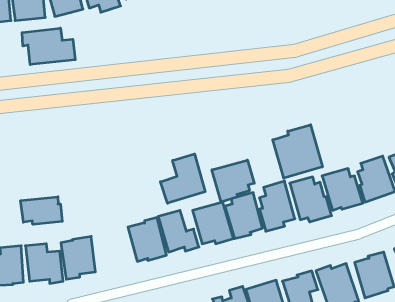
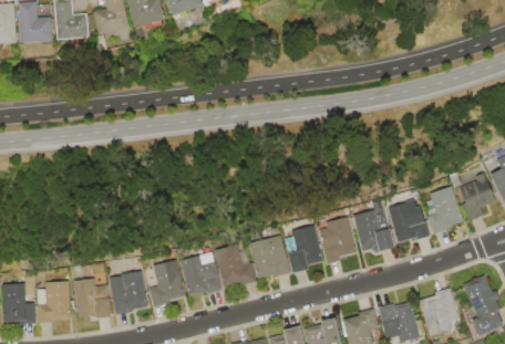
building: [22,28,75,65] -> none
building: [273,125,322,178] -> none
building: [160,154,205,203] -> none
building: [212,160,254,202] -> none
building: [21,197,62,224] -> none
building: none -> [146,259,182,305]

